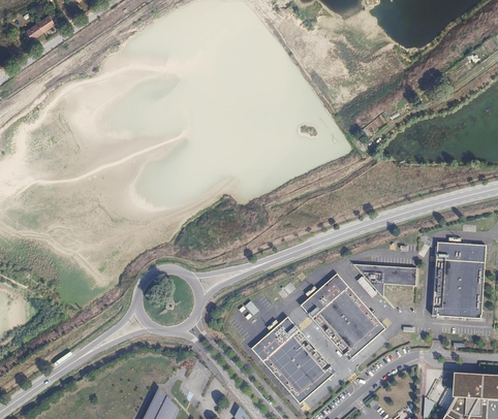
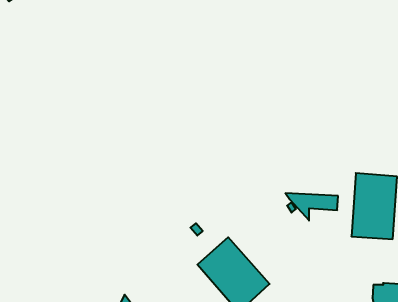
building: [299,273,384,361] -> none

